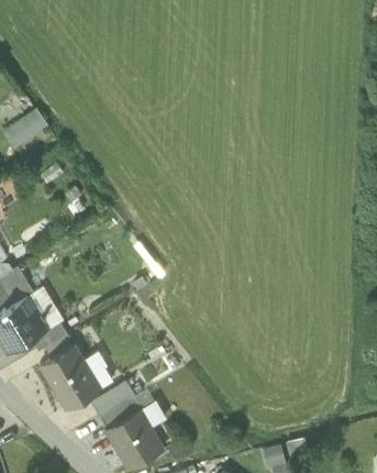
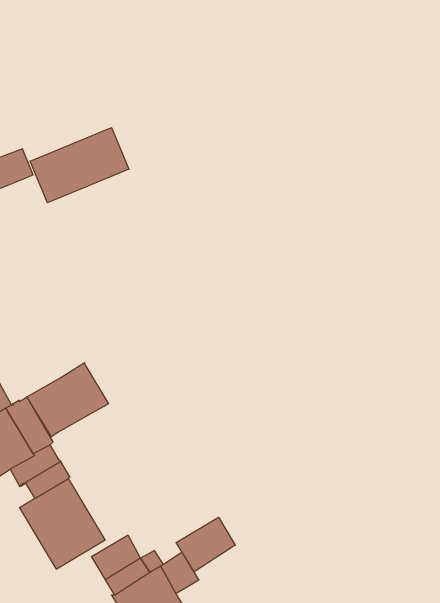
building: none -> [30,128,129,203]
building: none -> [27,363,109,437]
building: none -> [176,517,235,572]

